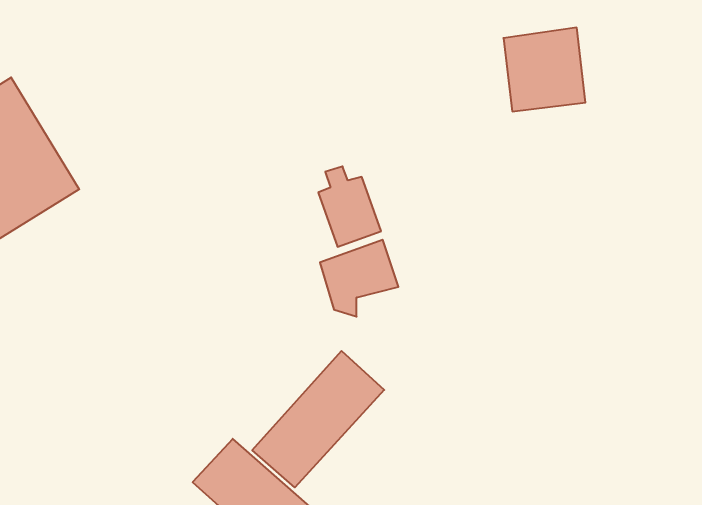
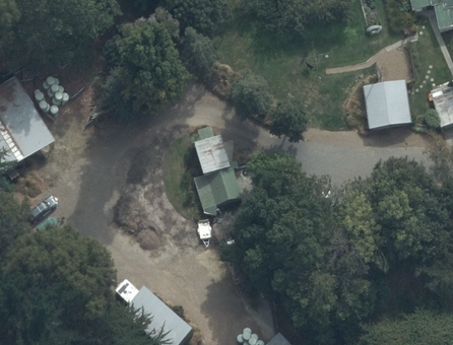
building: [503,28,585,111] -> [363,78,410,127]
building: [252,351,384,487] -> none

